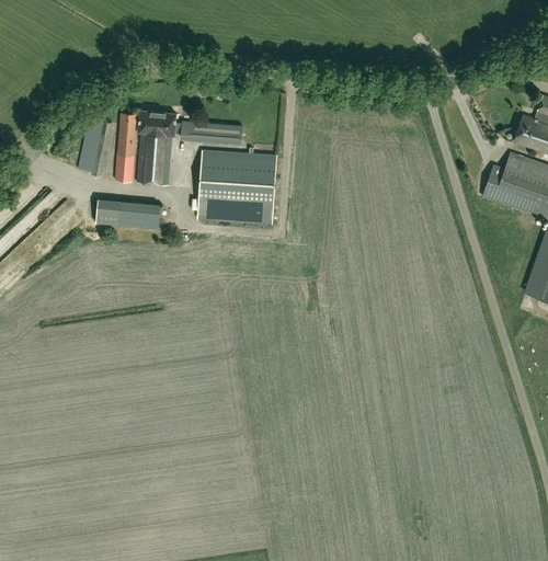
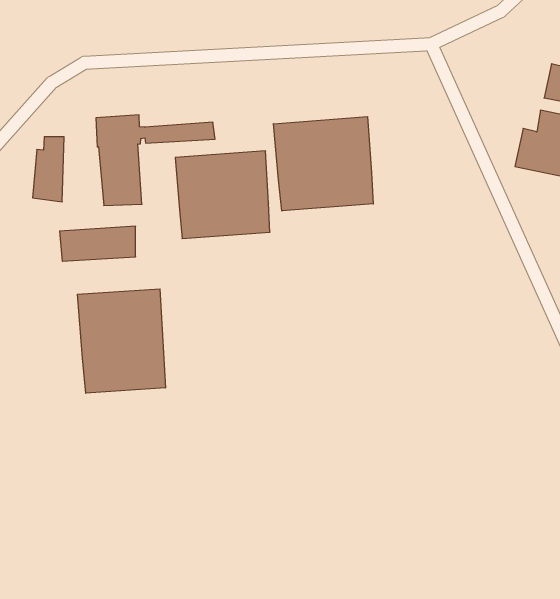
building: [116,112,138,181] -> none
building: none -> [273,117,373,211]
building: none -> [78,289,165,393]

